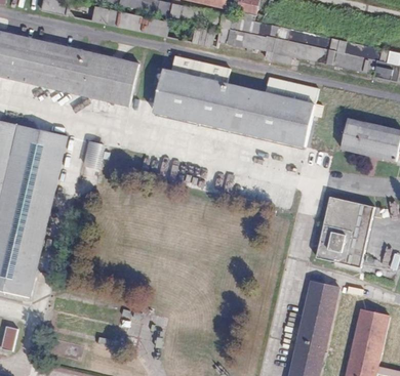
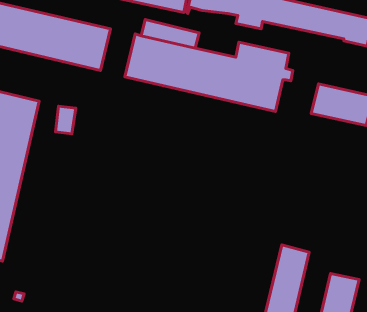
building: [317,197,374,274] -> none

